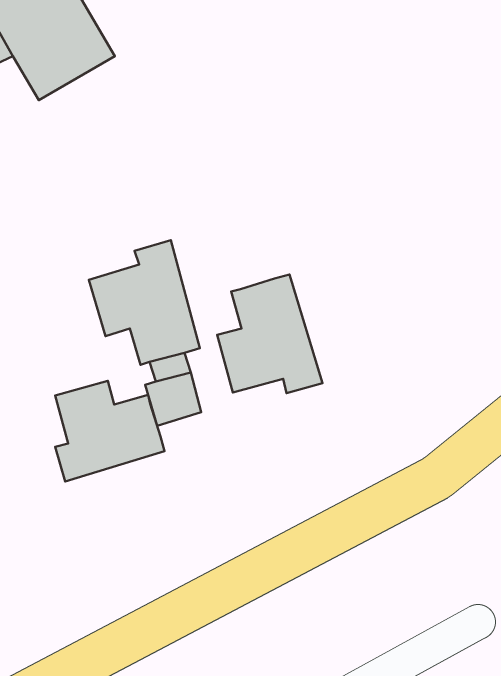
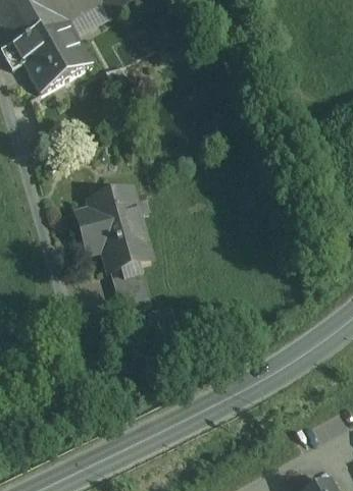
building: [217,274,323,393] -> none
building: [55,381,164,482] -> none

